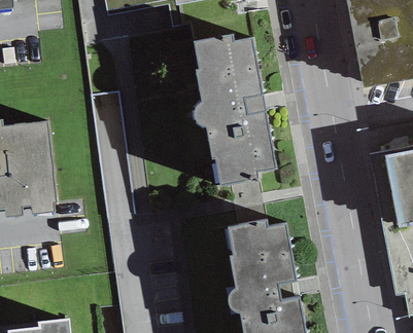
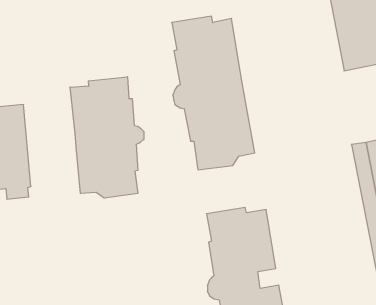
building: none -> [70,77,144,198]

